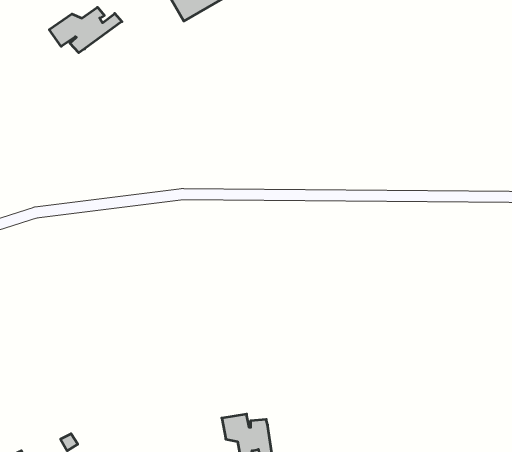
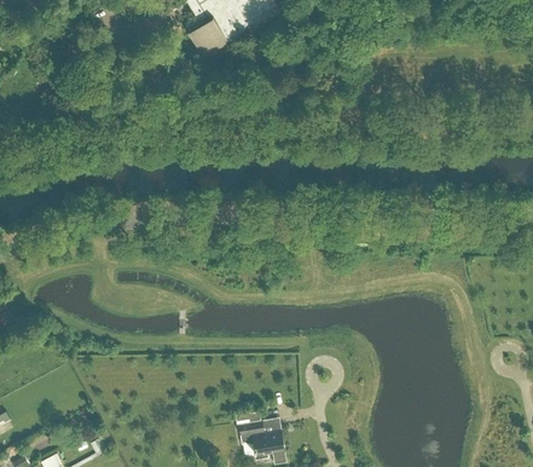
building: [49,7,122,53] -> none

